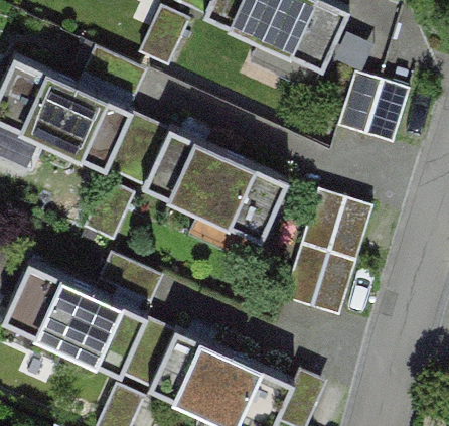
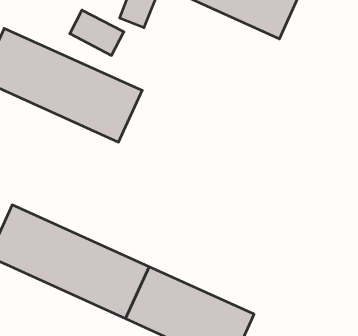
building: [334,69,410,144] -> none
building: [142,131,293,247] -> none
building: [284,191,372,317] -> none

